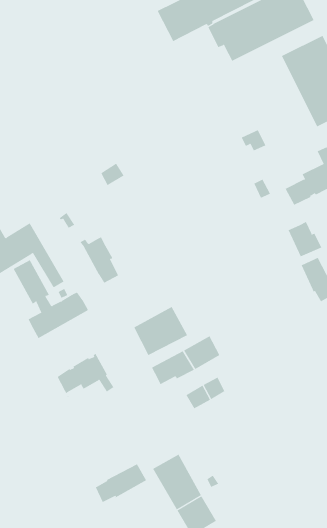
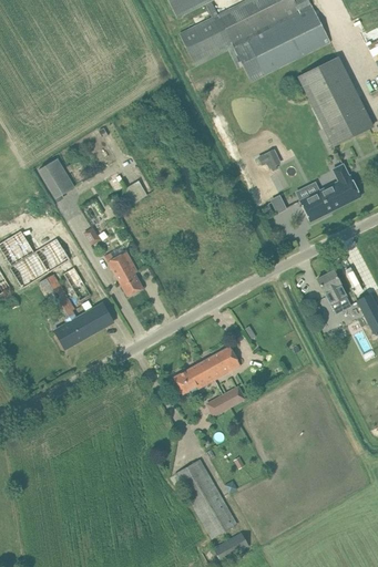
building: none -> [37,156,73,196]
building: [288,221,322,257] -> none
building: [133,306,188,356] -> none
building: [57,353,114,398] -> none
building: [95,464,147,503] -> none

